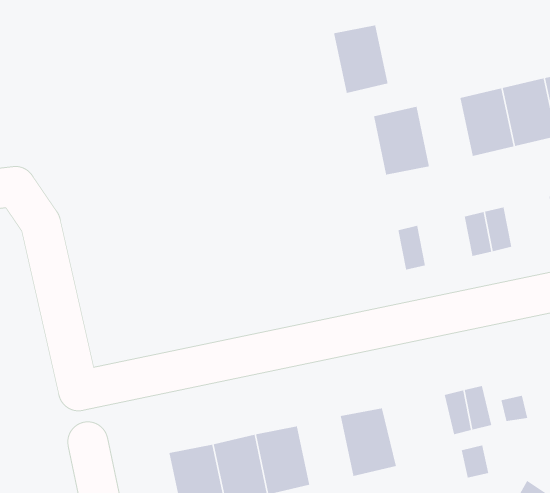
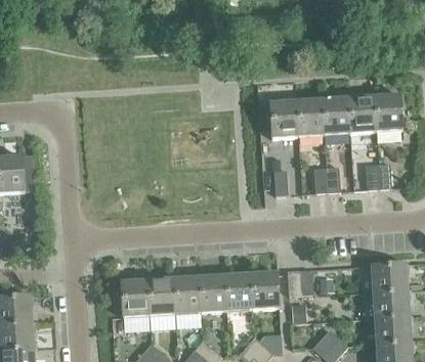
building: [333,24,388,94] -> [297,99,325,137]
building: none -> [250,271,280,309]
building: none -> [199,274,226,312]

